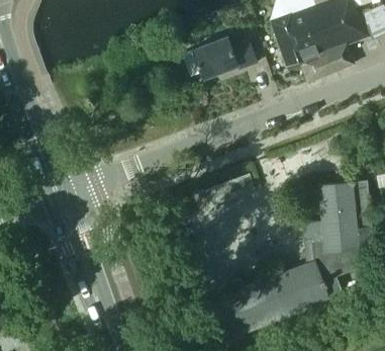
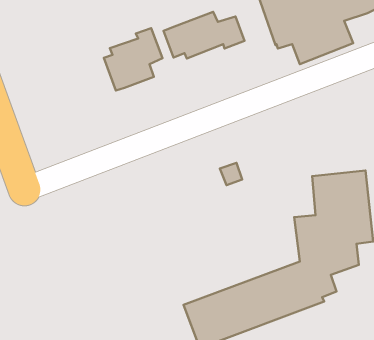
building: none -> [104,28,162,91]

